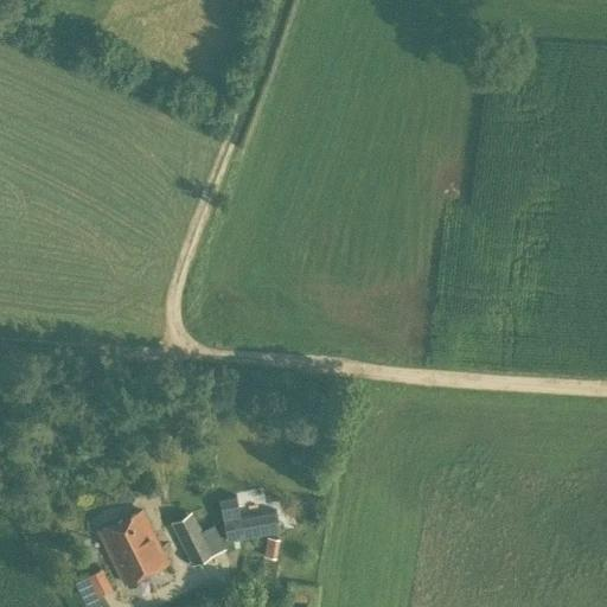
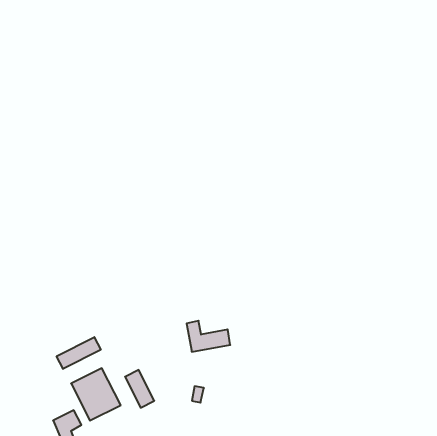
building: none -> [57,337,101,369]
building: [221,499,281,542] -> [187,321,230,352]

